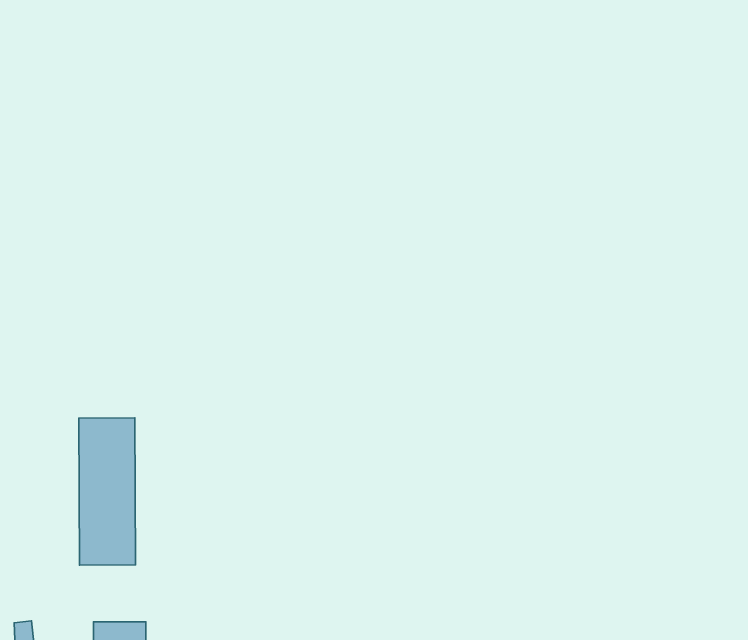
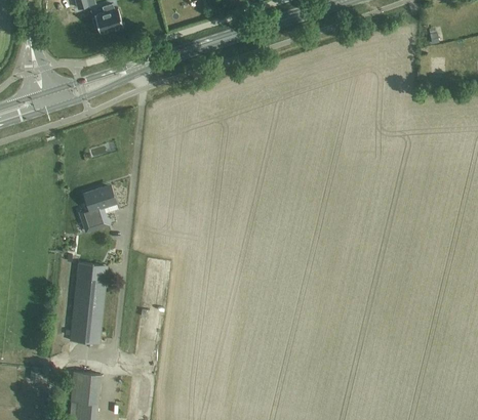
building: none -> [79,187,118,232]

